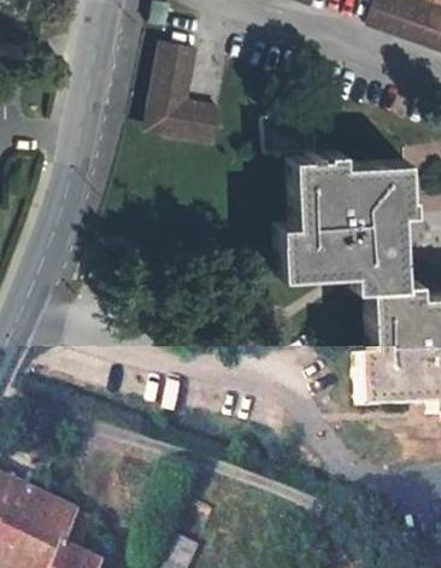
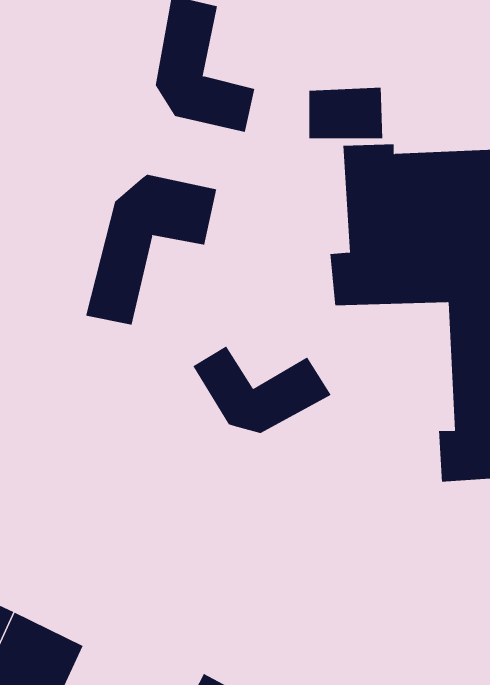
building: none -> [85,174,217,325]
building: none -> [193,346,331,434]

